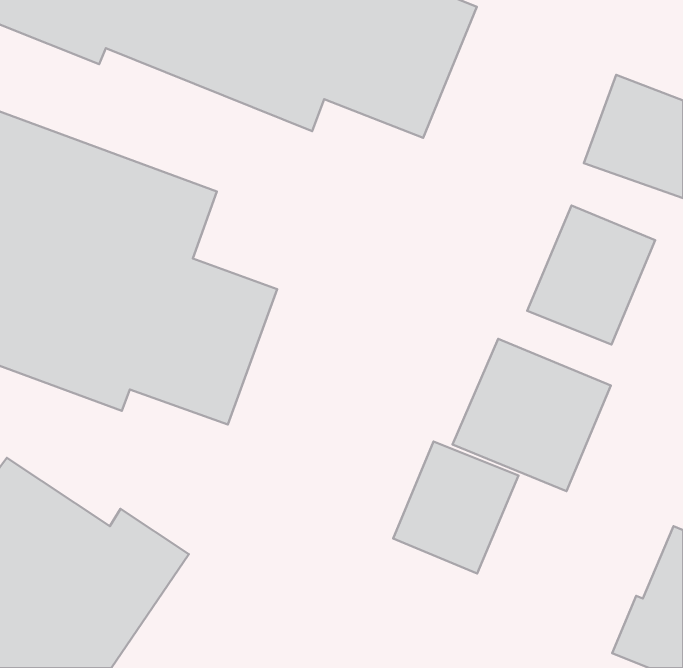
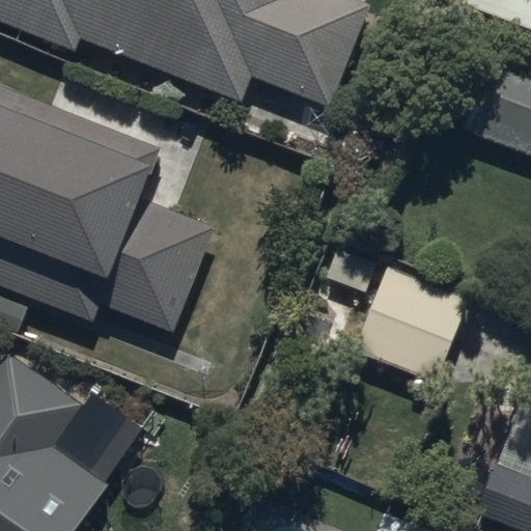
building: [527,206,655,345] -> none
building: [393,441,518,573] -> none

